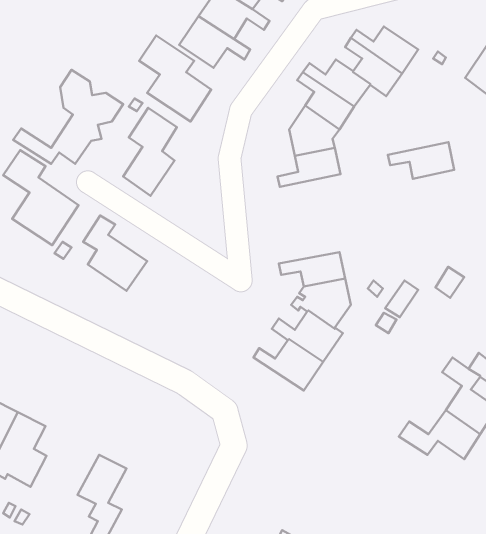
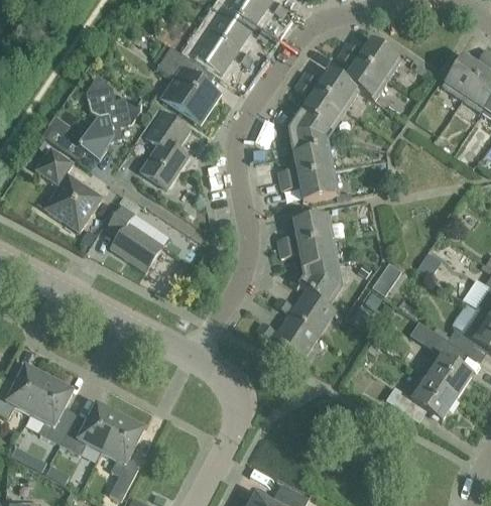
building: [388,142,454,179] -> [280,168,339,201]
building: none -> [277,213,333,247]
building: none -> [60,403,121,454]

